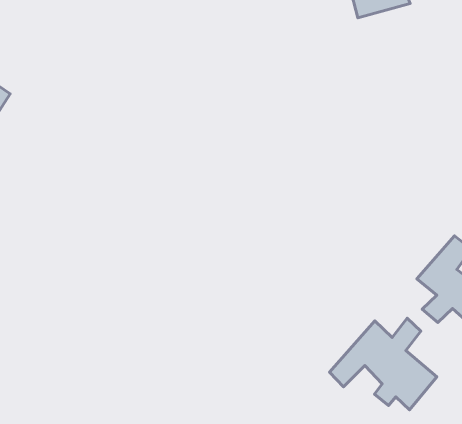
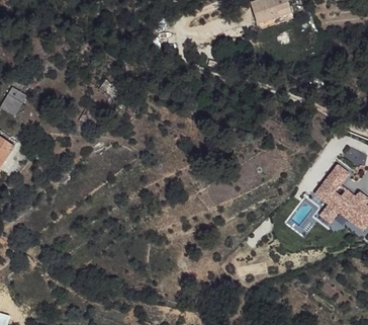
building: [330,318,437,410] -> none

